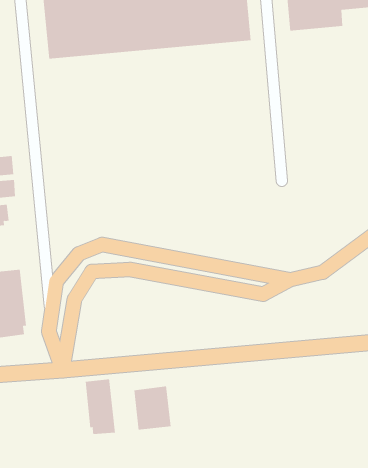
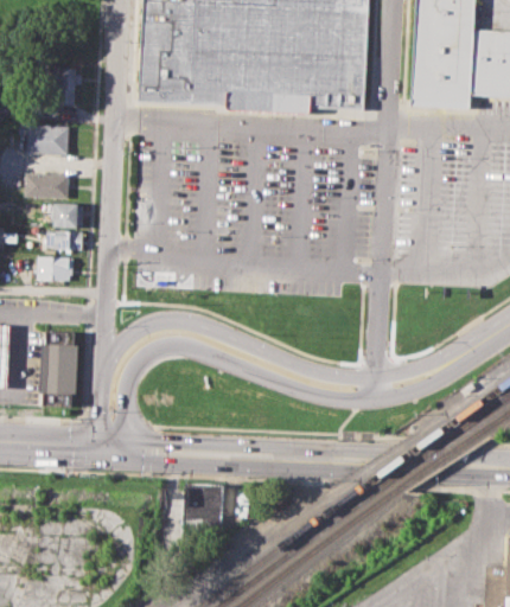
building: [85,378,115,435] -> none

